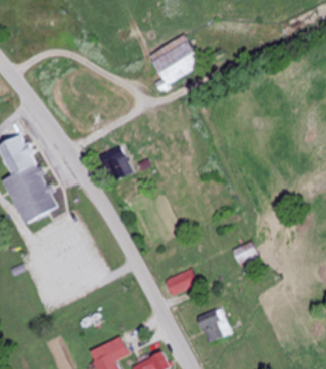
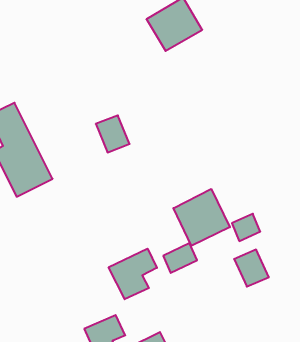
building: none -> [173,189,230,246]
building: none -> [109,249,157,299]
building: [197,308,230,343] -> [234,250,269,287]

